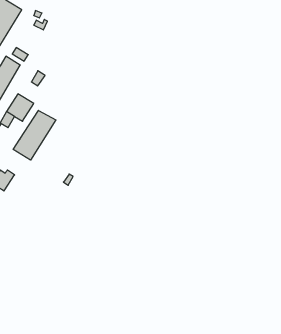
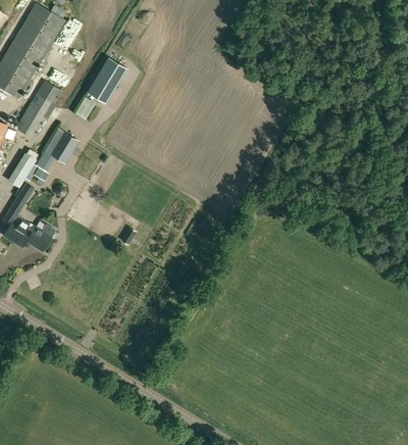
building: none -> [87,57,125,103]
building: [13,110,56,160] -> none

